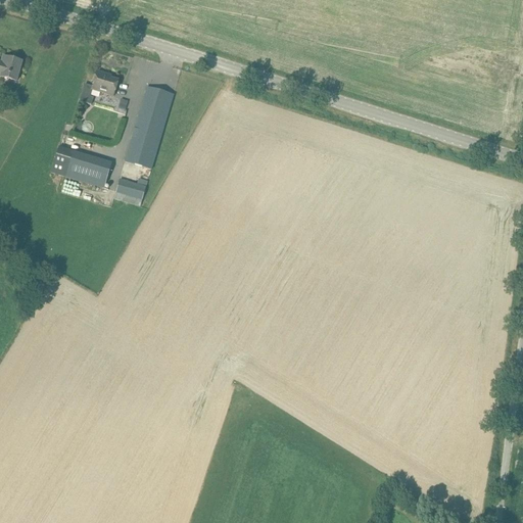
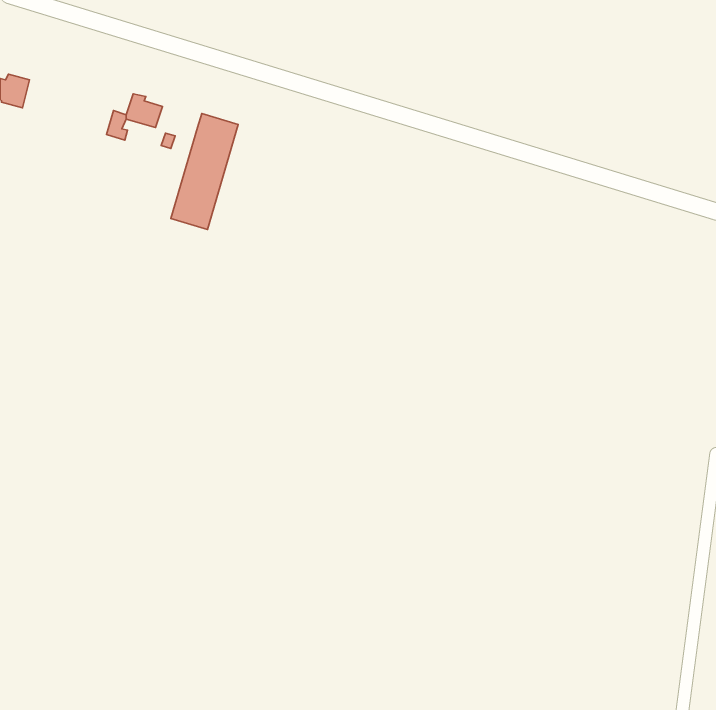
building: [51,145,111,186] -> none
building: [114,178,146,203] -> none

